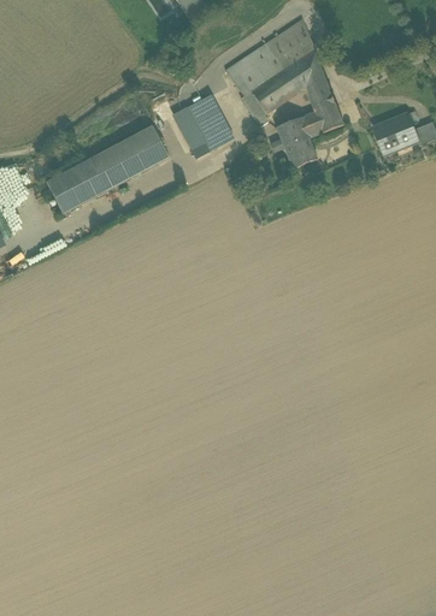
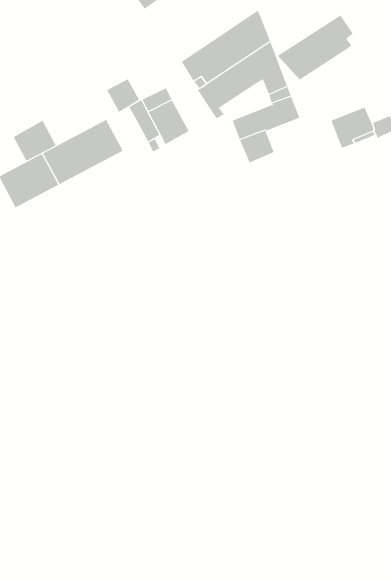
building: none -> [276,15,354,81]
building: none -> [106,78,139,113]
building: none -> [14,120,56,161]

